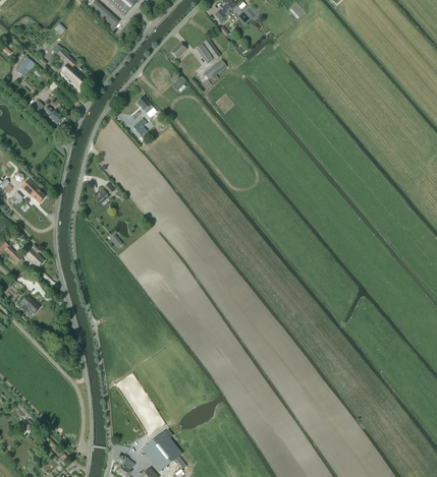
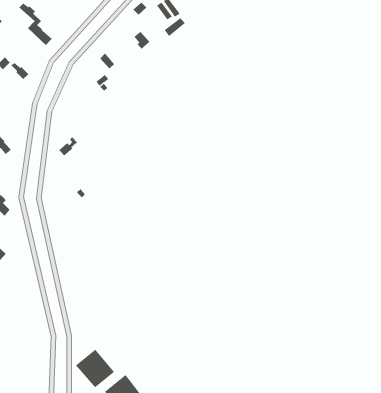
building: none -> [75,349,115,388]

